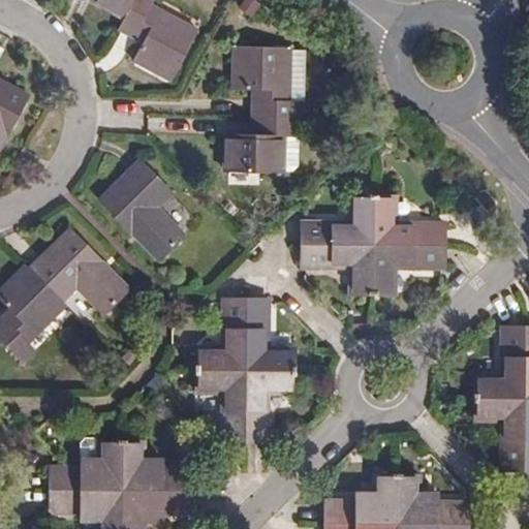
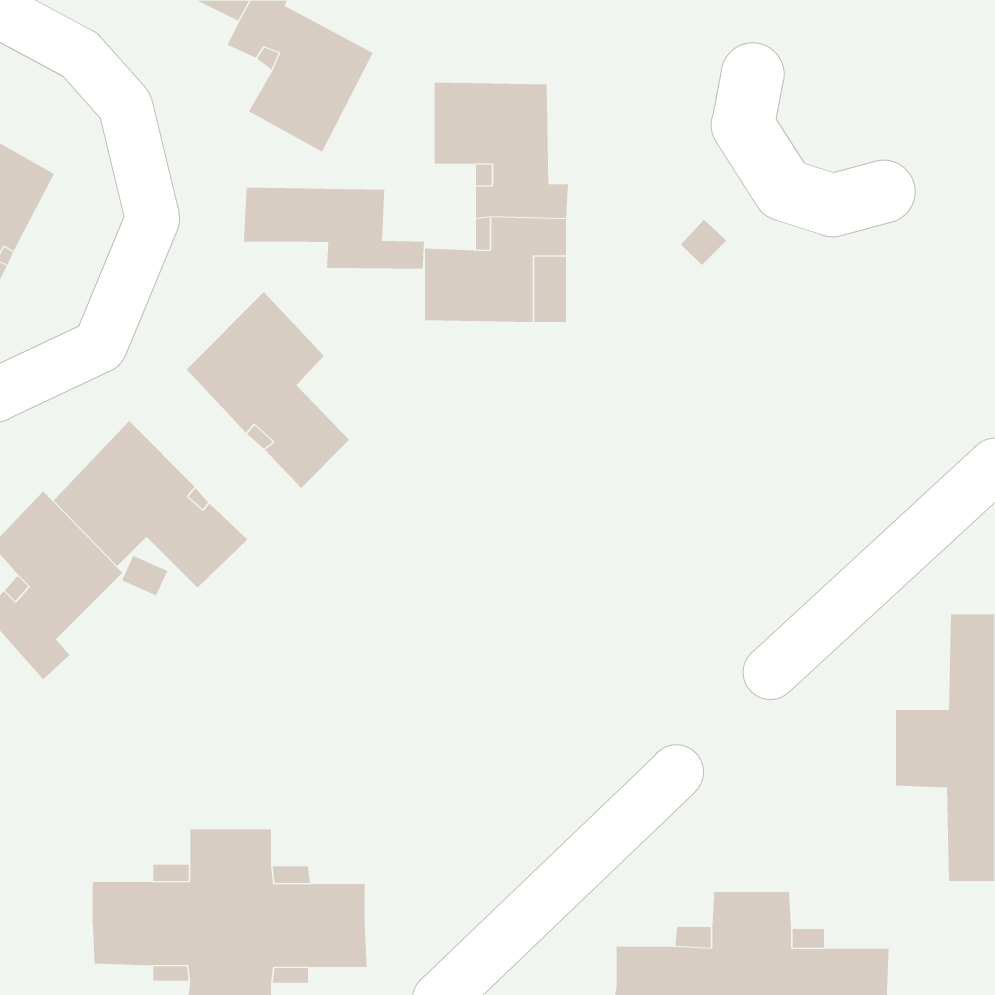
building: none -> [243,187,425,270]
building: [302,192,447,298] -> none
building: [194,298,295,445] -> none

